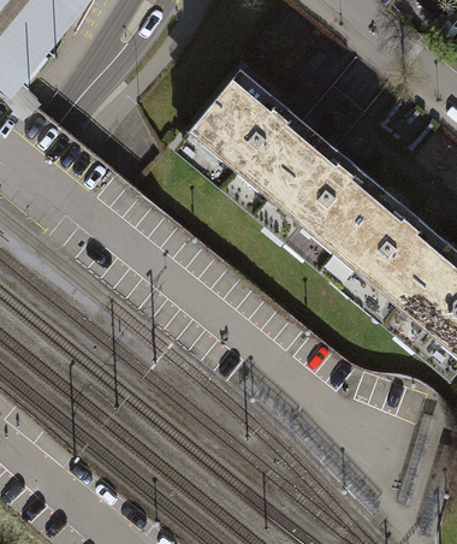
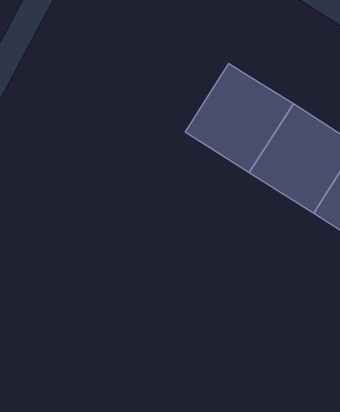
building: [180,70,317,205] -> none

